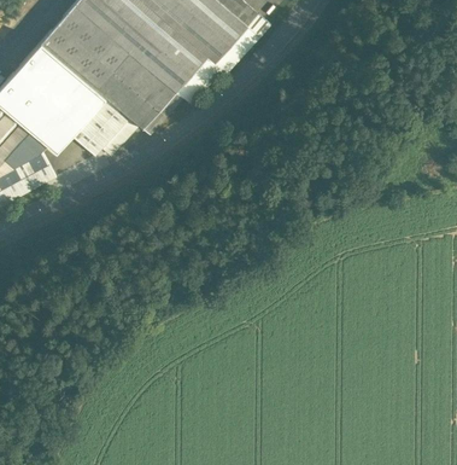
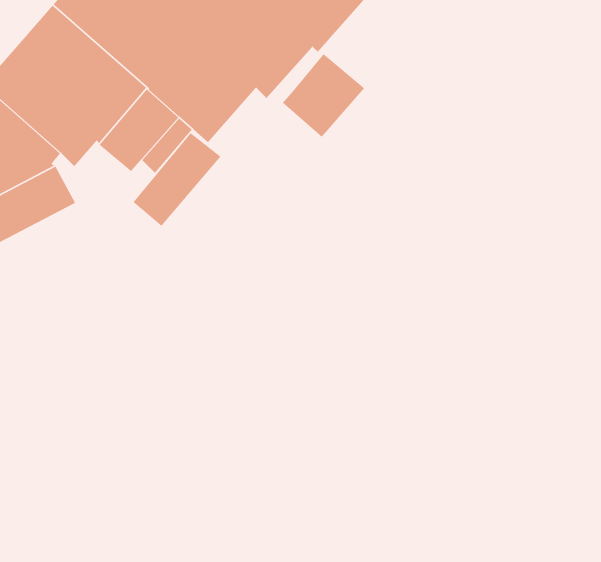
building: none -> [282,53,365,138]
building: none -> [132,132,221,227]

